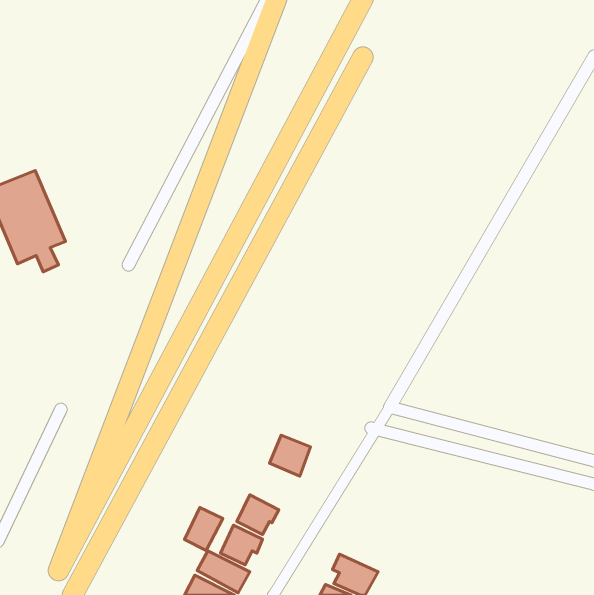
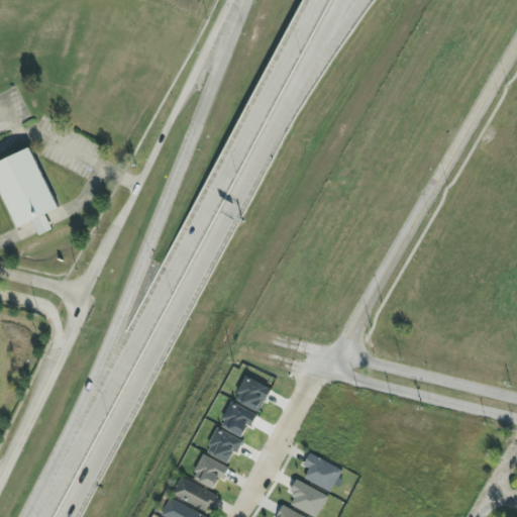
building: none -> [219,402,255,436]
building: [185,508,223,551] -> none
building: none -> [303,454,340,491]

